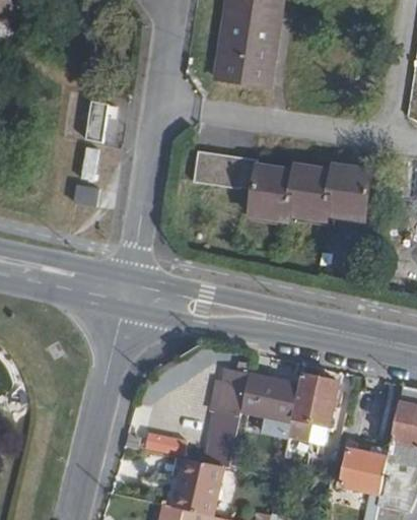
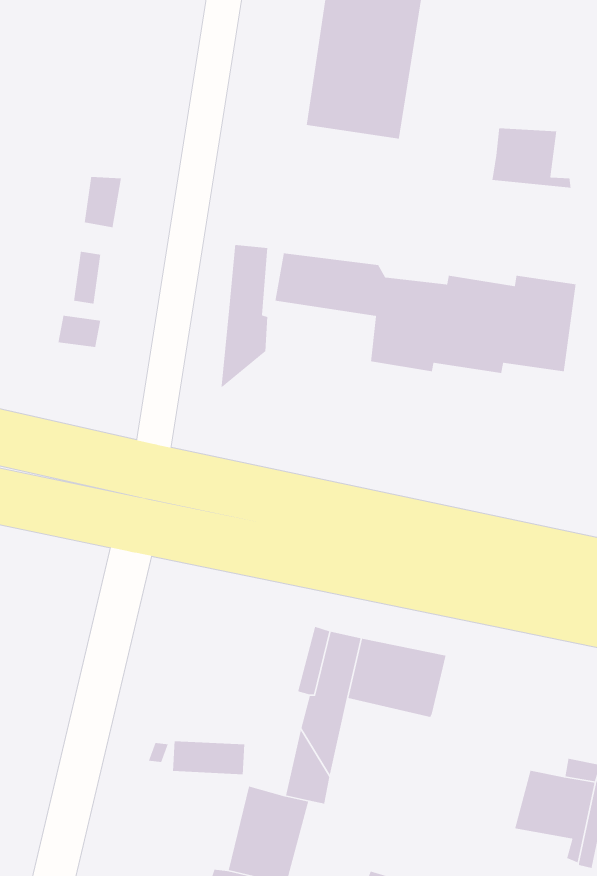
building: none -> [492,128,571,188]
building: none -> [220,244,268,389]
building: [289,377,336,430] -> none

